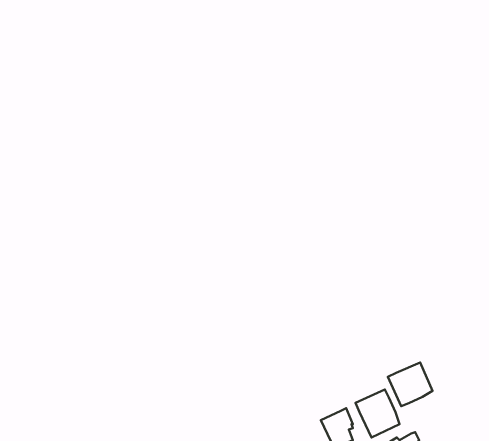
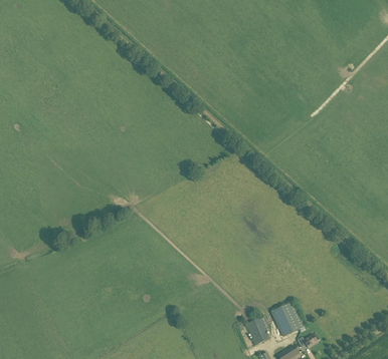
building: [388,362,432,406] -> none

